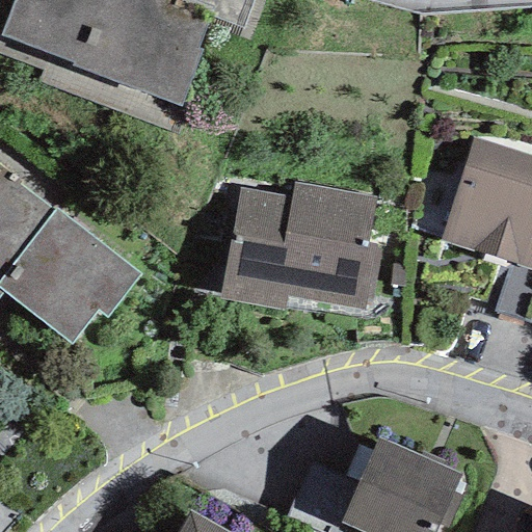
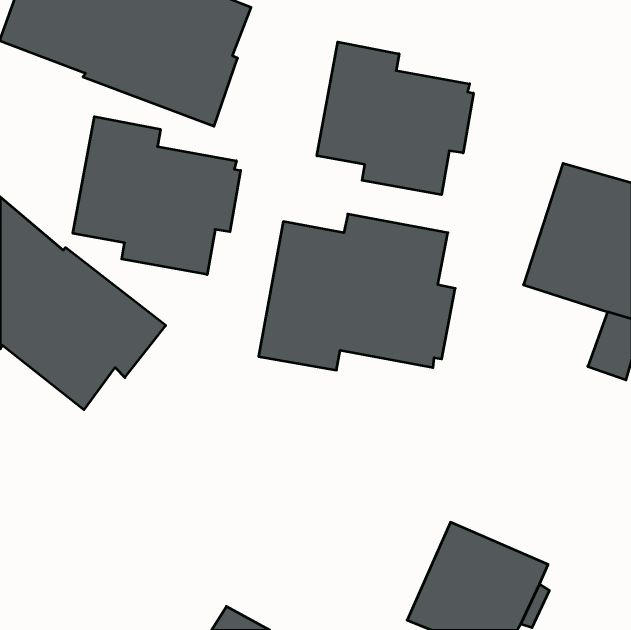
building: none -> [317,42,473,195]
building: none -> [73,117,241,275]

